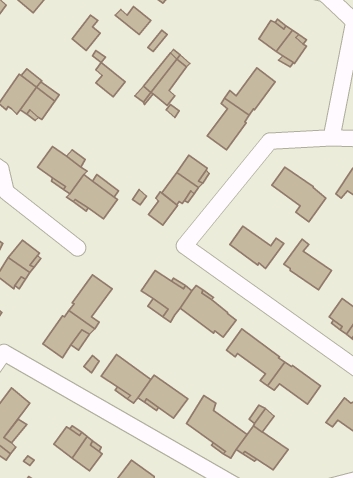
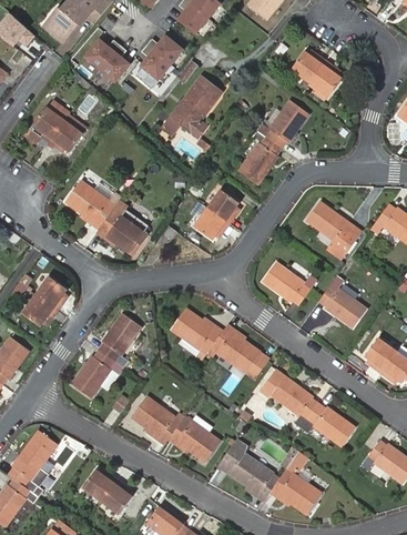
building: none -> [84,40,119,70]
building: [96,62,125,97] -> [139,46,169,81]
building: [148,192,177,225] -> none

